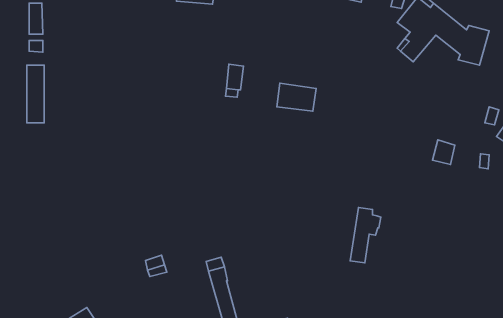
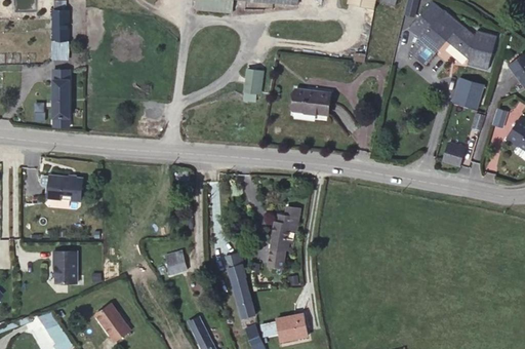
building: none -> [450,76,483,109]
building: none -> [40,173,82,199]
building: [350,207,381,263] -> [268,214,297,267]
building: none -> [52,249,76,281]

